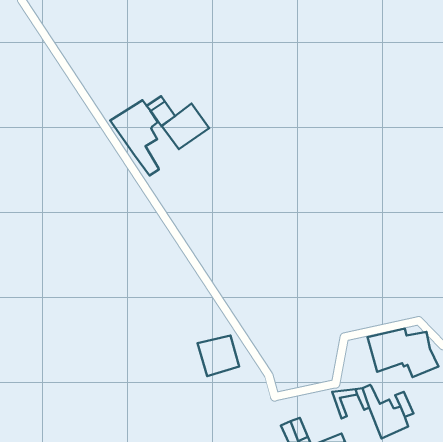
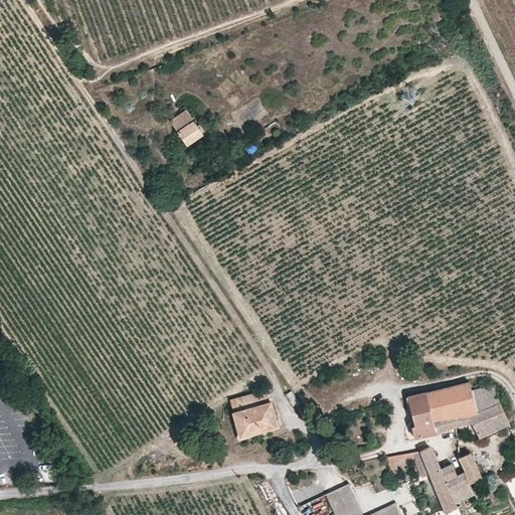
building: [110,100,159,176] -> none
building: [162,103,209,149] -> none
building: none -> [408,392,438,438]

